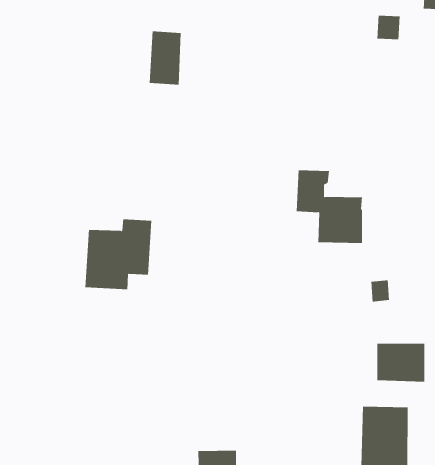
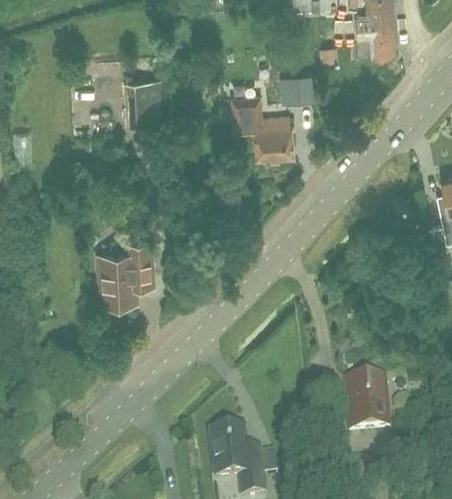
building: none -> [281,76,317,105]
building: [296,170,363,244] -> [231,99,293,160]
building: [377,343,425,383] -> none

